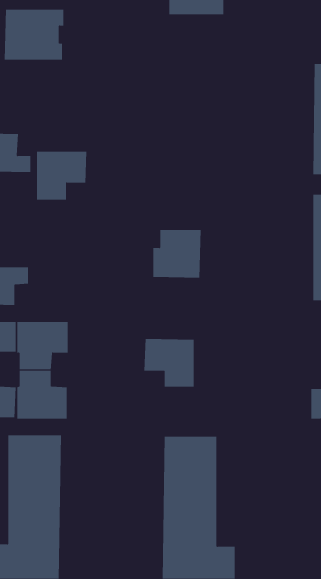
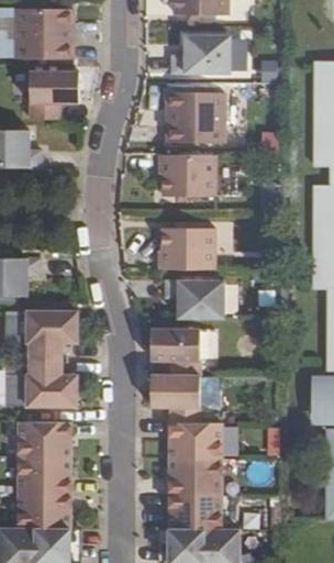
building: none -> [171,36,231,74]
building: none -> [167,93,224,143]
building: [36,151,87,200] -> [31,73,80,120]
building: none -> [159,155,207,201]
building: none -> [160,282,219,319]
building: none -> [151,376,200,423]

